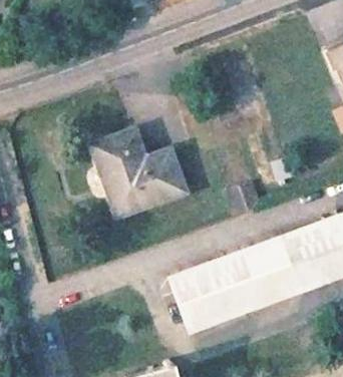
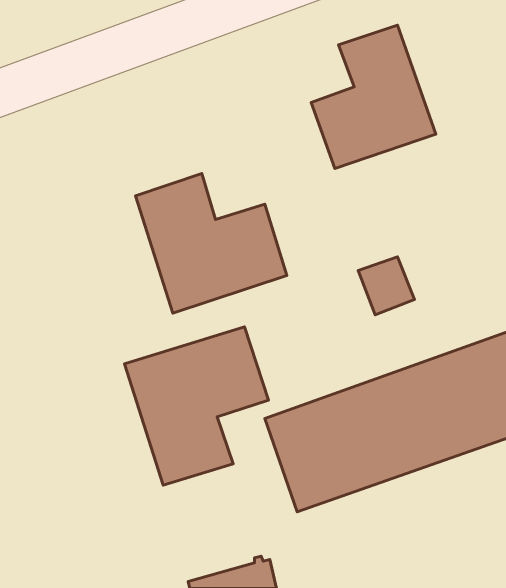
building: none -> [311,25,436,168]
building: none -> [124,327,269,485]

